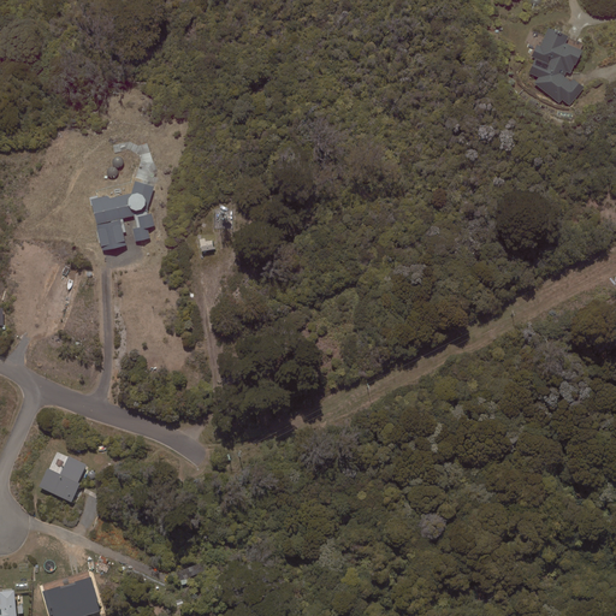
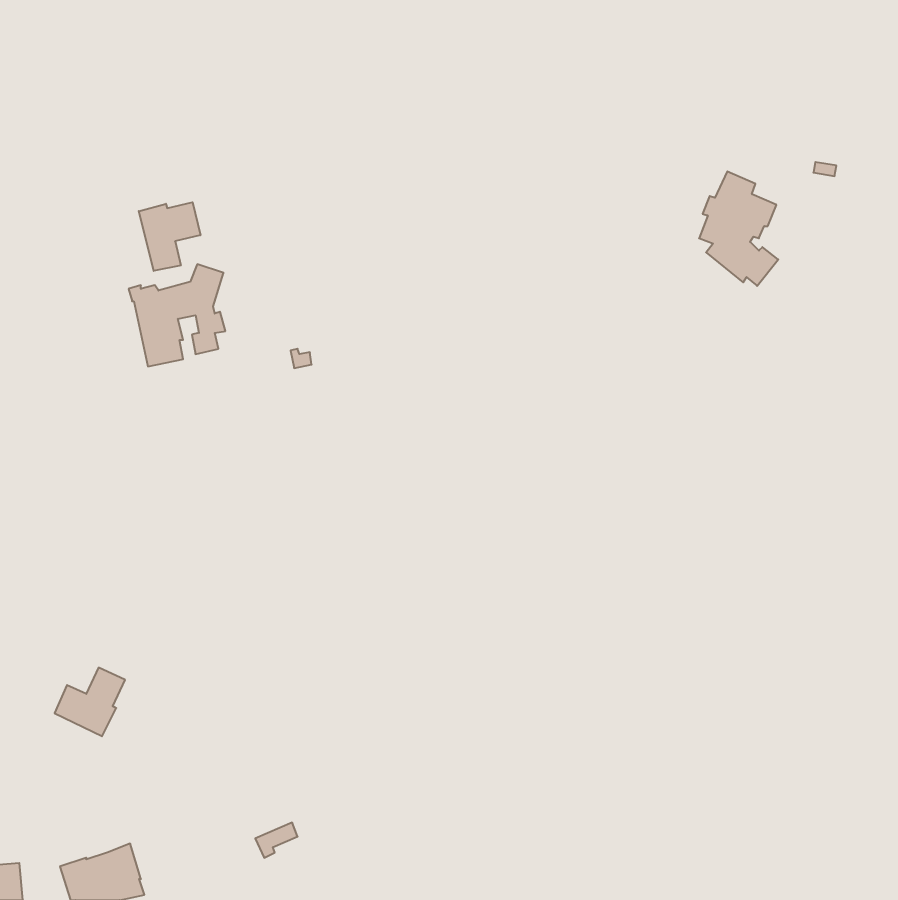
building: [528,28,582,106] -> [699,171,778,286]
building: none -> [139,202,200,271]

